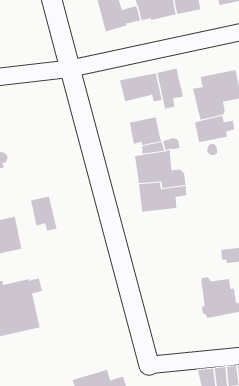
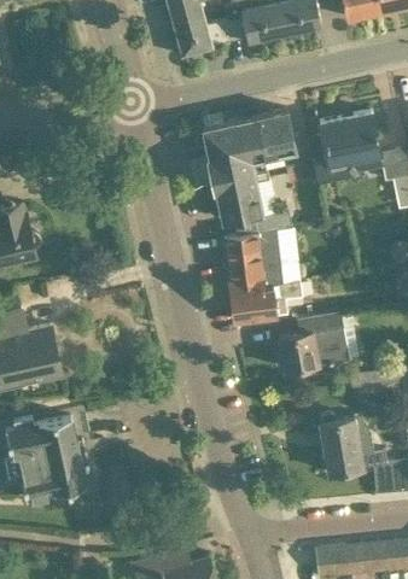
building: [194,115,235,144] -> [206,151,267,193]
building: [31,196,57,231] -> none
building: none -> [278,312,348,372]

